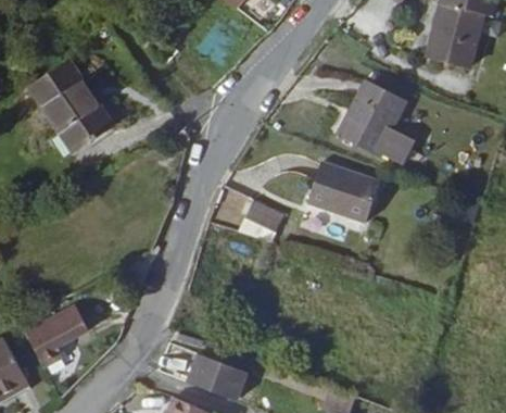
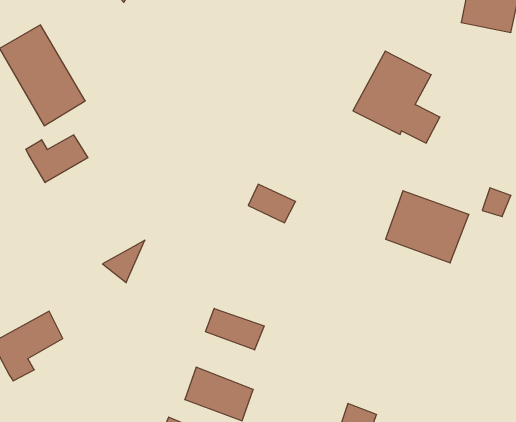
building: none -> [26,135,88,183]
building: [306,162,379,225] -> [386,191,469,263]
building: none -> [205,308,264,350]

